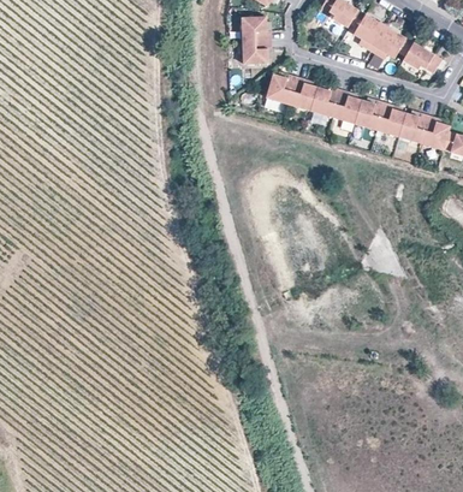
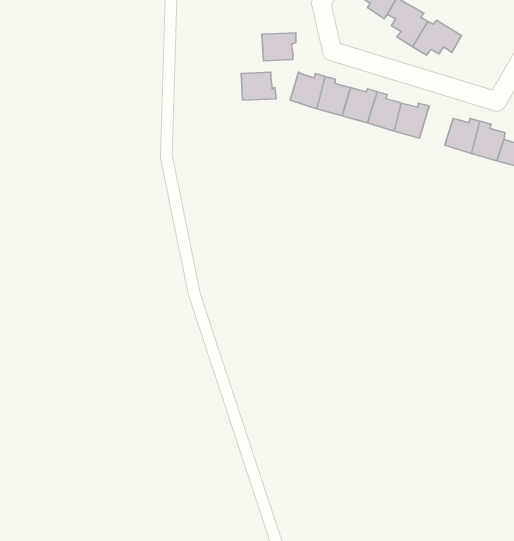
building: [241,16,271,40] -> [241,72,276,100]
building: [402,41,441,72] -> none
building: [376,101,405,135] -> none

